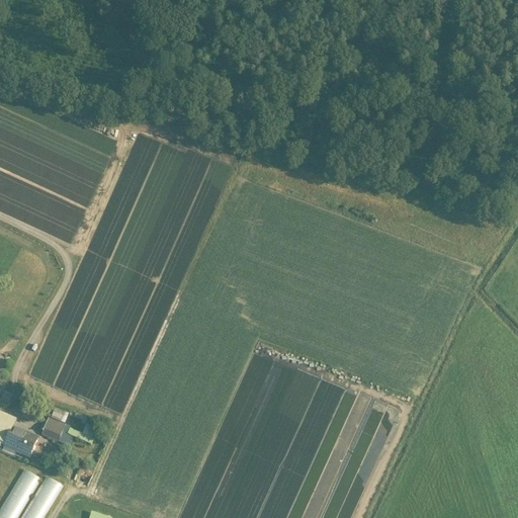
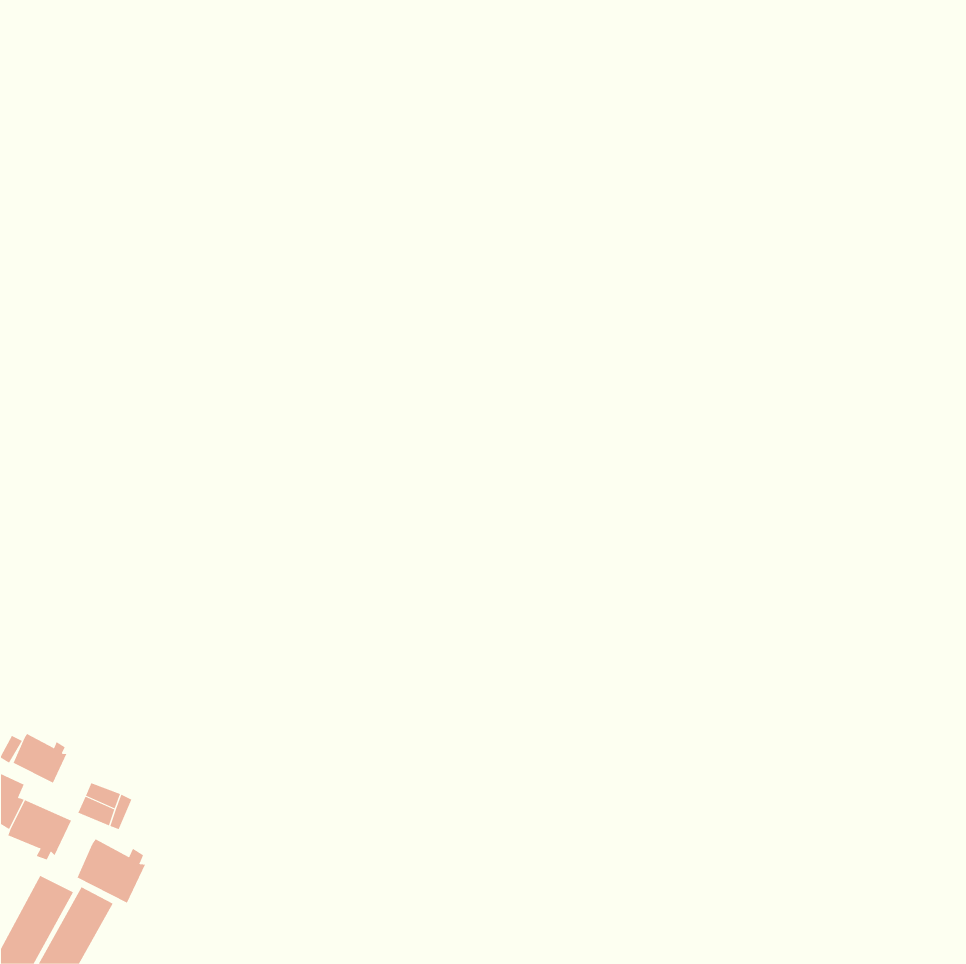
building: none -> [13,733,67,783]
building: none -> [77,838,146,904]

